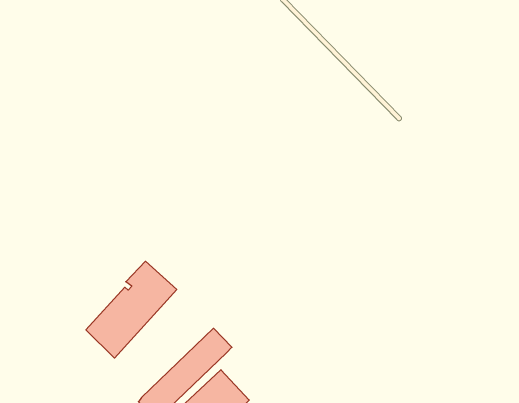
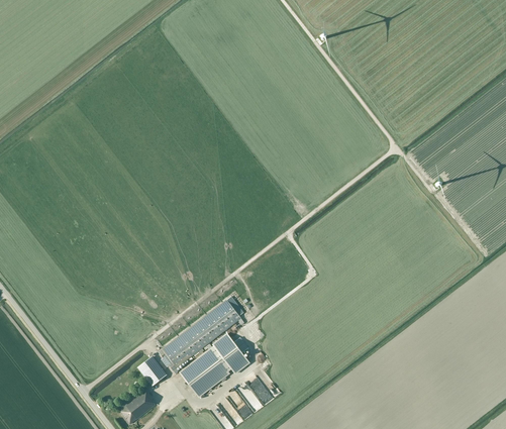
building: [86,261,177,358] -> none

